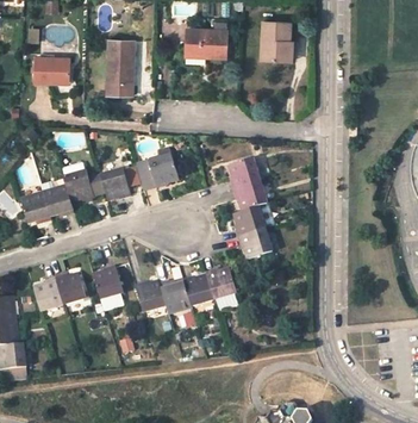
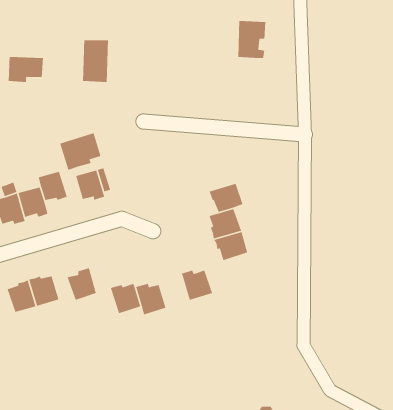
building: [186,29,227,62] -> none
building: [137,154,179,192] -> [59,132,101,171]
building: [227,158,261,191] -> none
building: [183,275,214,306] -> none

